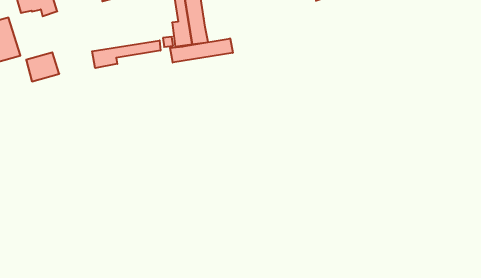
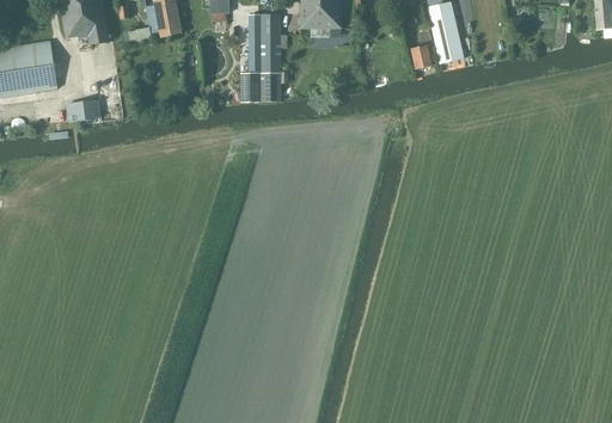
building: [170,38,233,63] -> none
building: [92,40,160,68] -> none

